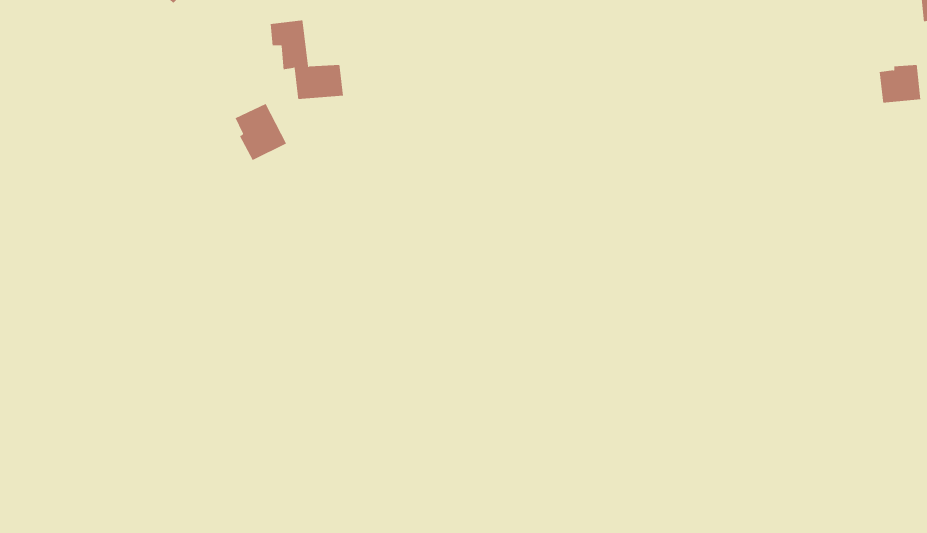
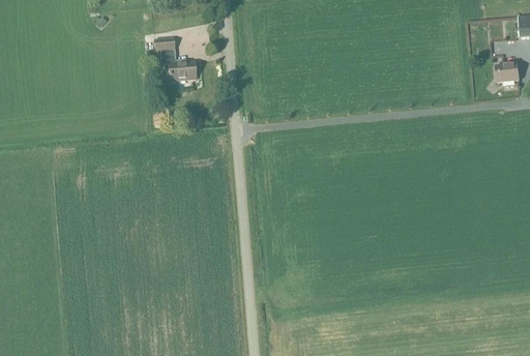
building: [235,103,287,161] -> none

